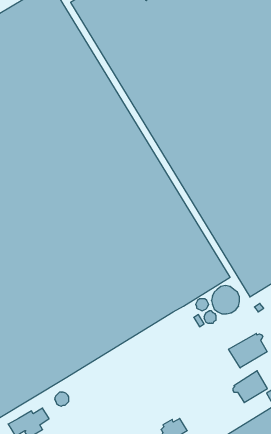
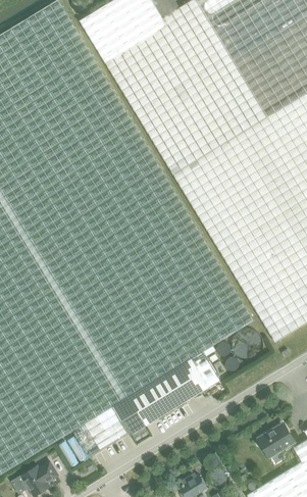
building: none -> [73,352,220,457]
building: [229,333,267,368] -> none

